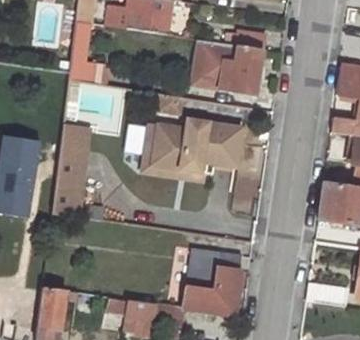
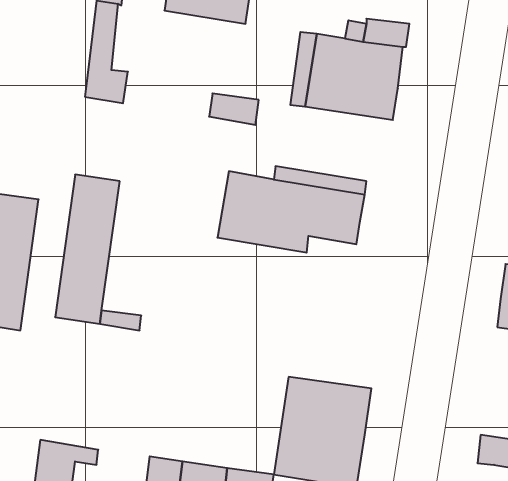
building: [139,122,203,182] -> none

